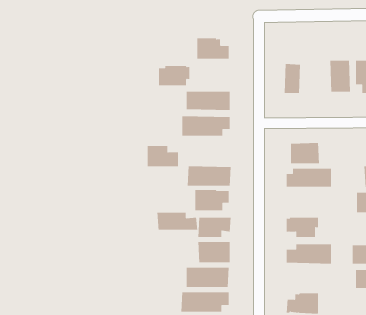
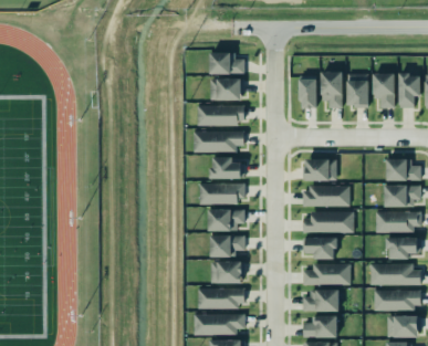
building: none -> [320,70,342,107]
building: [158,66,190,86] -> [210,77,243,98]
building: [147,146,179,167] -> [211,157,244,179]
building: none -> [302,211,353,232]
building: [157,212,198,230] -> none
building: none -> [302,289,338,311]

